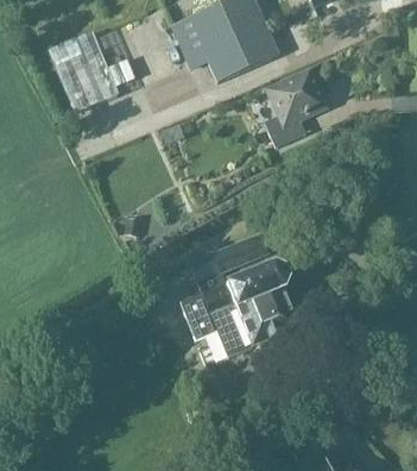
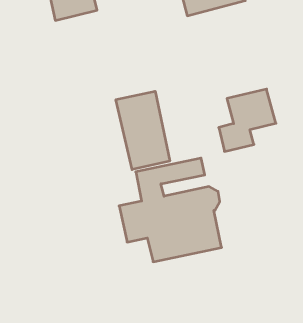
building: [264,70,326,146] -> [219,89,276,151]
building: none -> [116,91,170,170]

